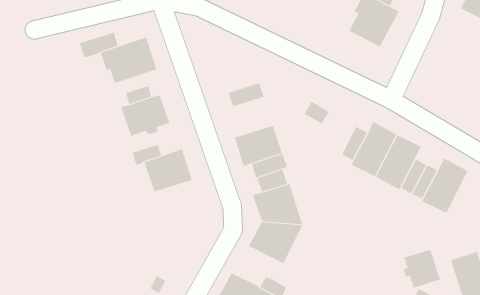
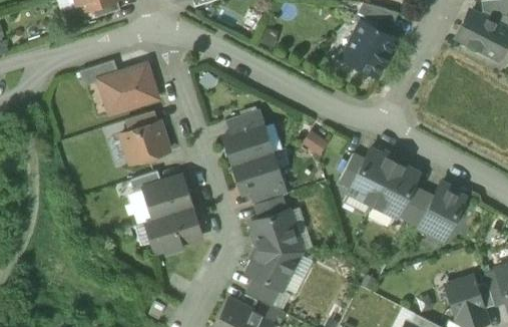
building: none -> [223,124,272,165]
building: none -> [145,207,201,252]
building: [403,249,441,289] -> none
building: none -> [246,276,280,305]

